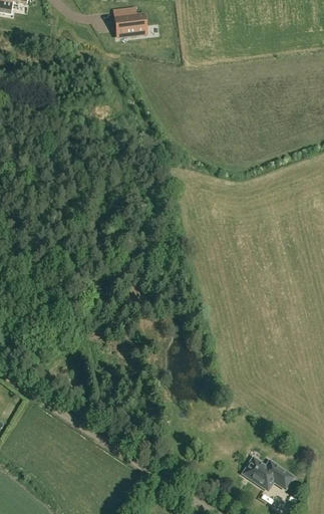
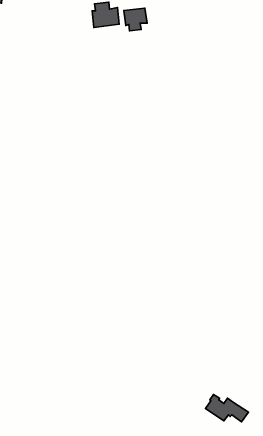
building: none -> [124,8,147,31]

